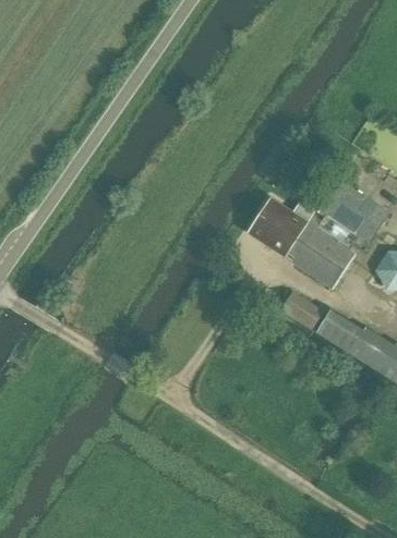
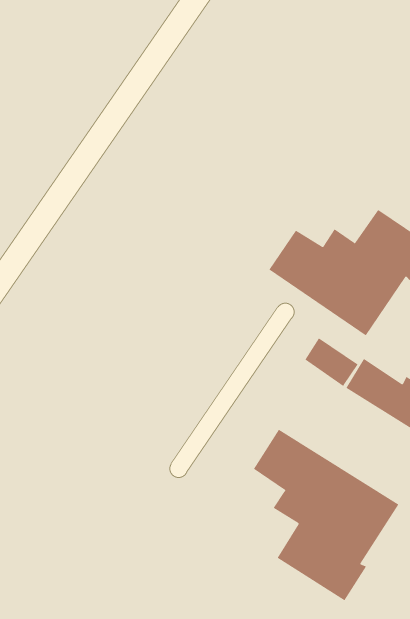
building: none -> [253,429,399,601]

